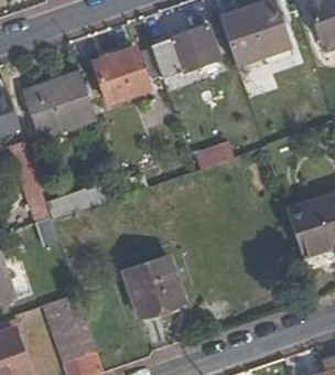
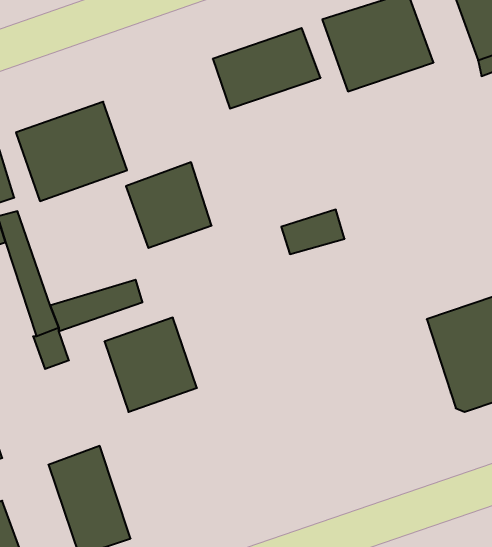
building: [94,46,149,101] -> [126,162,212,248]
building: [125,257,184,318] -> [104,318,197,412]

